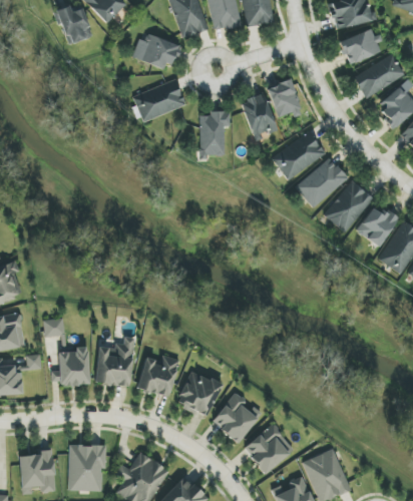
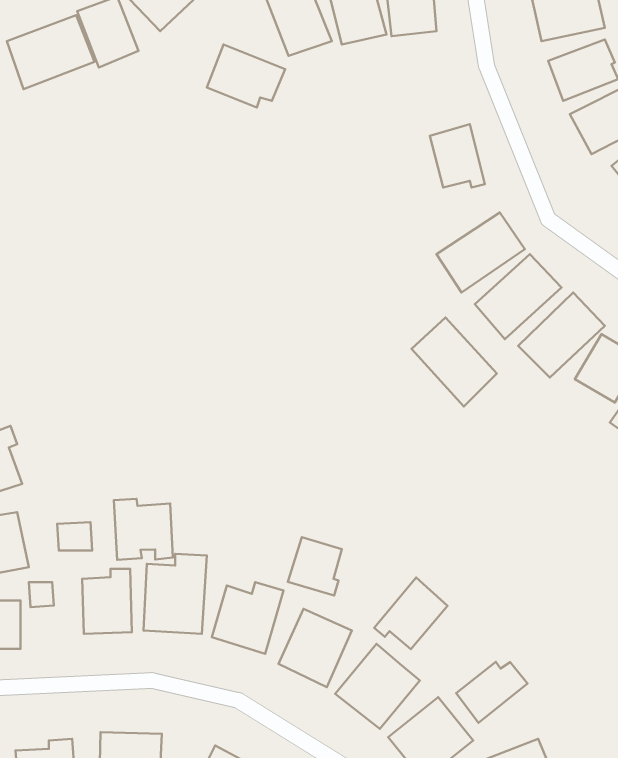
building: none -> [7,15,94,89]
building: [132,81,184,121] -> none
building: [240,93,277,140] -> none
building: [198,111,230,156] -> none
building: none -> [411,318,497,407]
building: none -> [114,499,173,560]
building: none -> [288,537,342,595]
building: none -> [374,577,448,649]
building: none -> [456,662,528,723]

